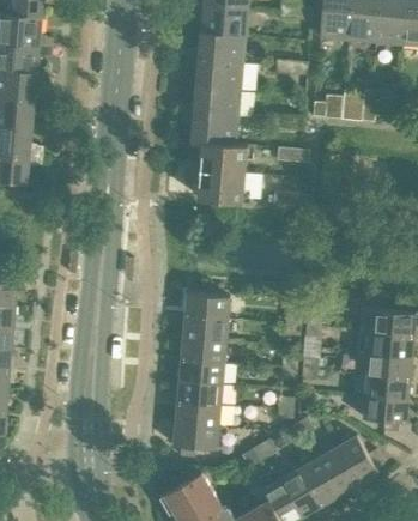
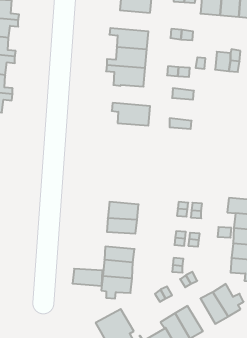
building: [186,32,244,63] -> none
building: [189,143,247,174] -> none
building: [184,293,229,319] -> none
building: [178,359,223,384] -> [72,269,103,286]
building: [299,458,340,505] -> none

